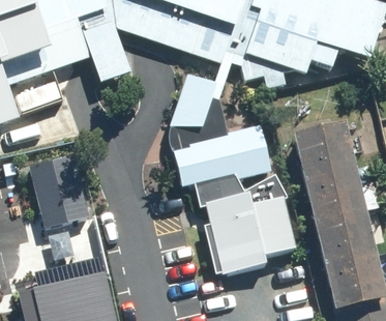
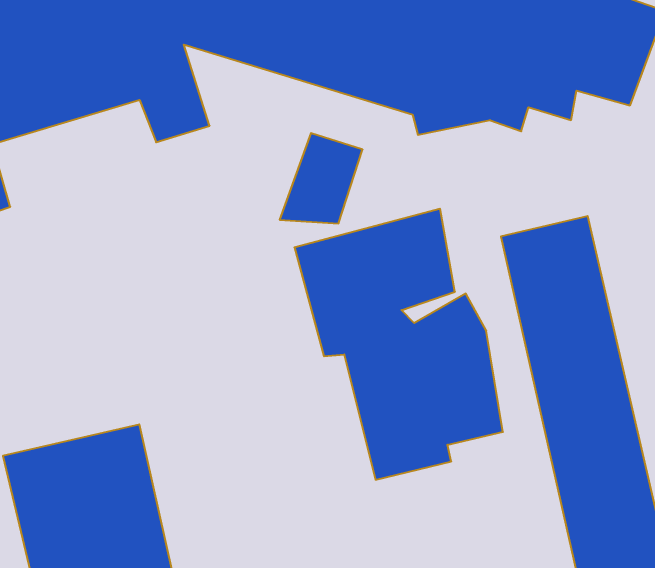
building: [29,154,91,226] -> none

